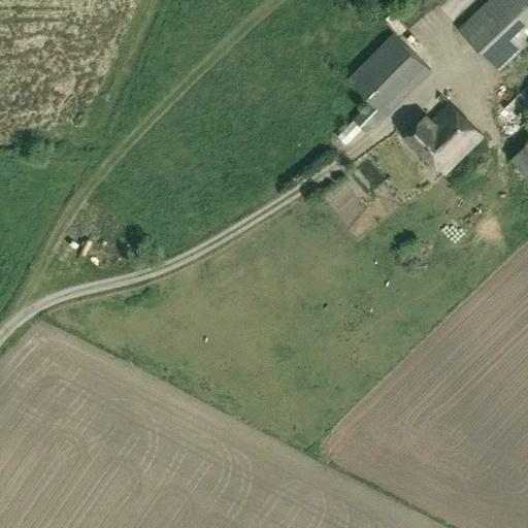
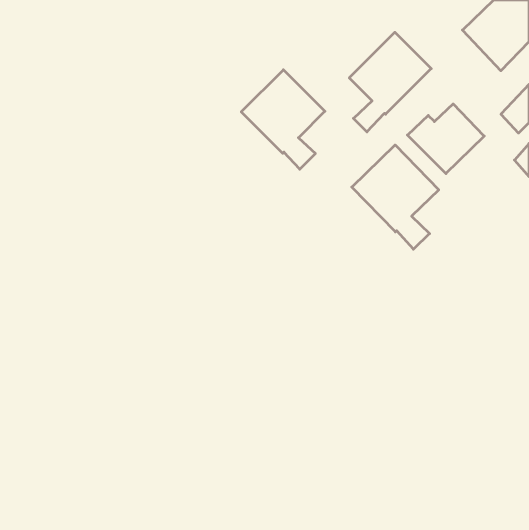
building: none -> [241,70,325,169]
building: none -> [352,145,439,249]

